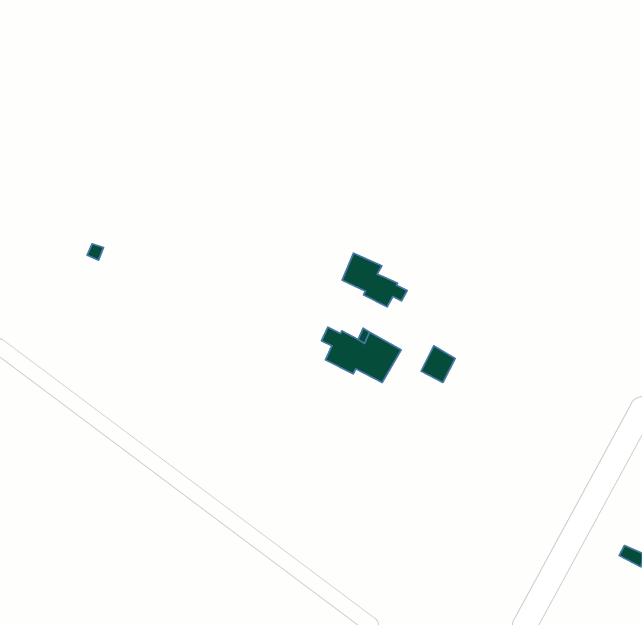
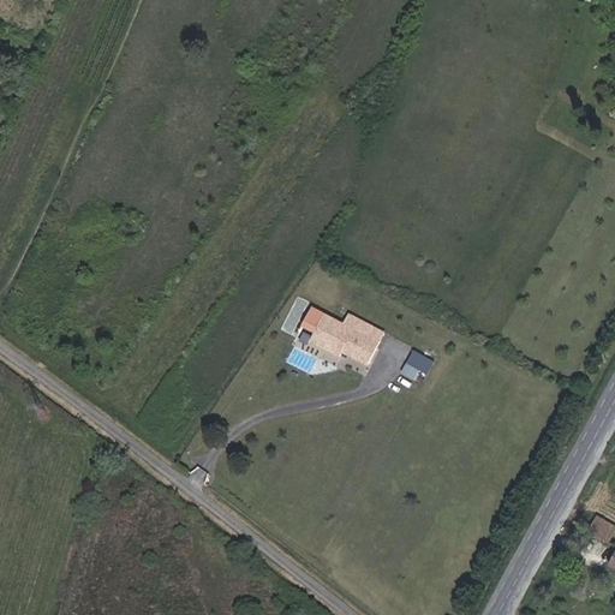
building: [342,253,407,307] -> none

